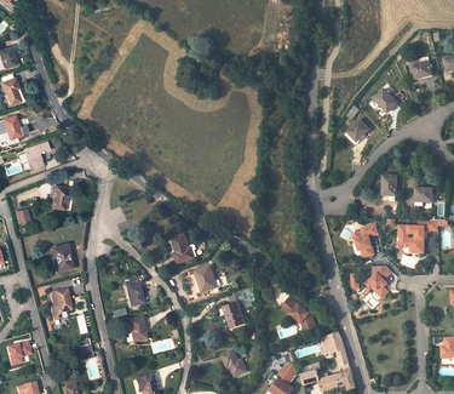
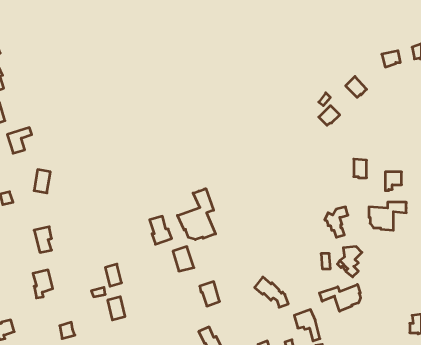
building: none -> [177,189,216,240]
building: none -> [319,284,361,311]

